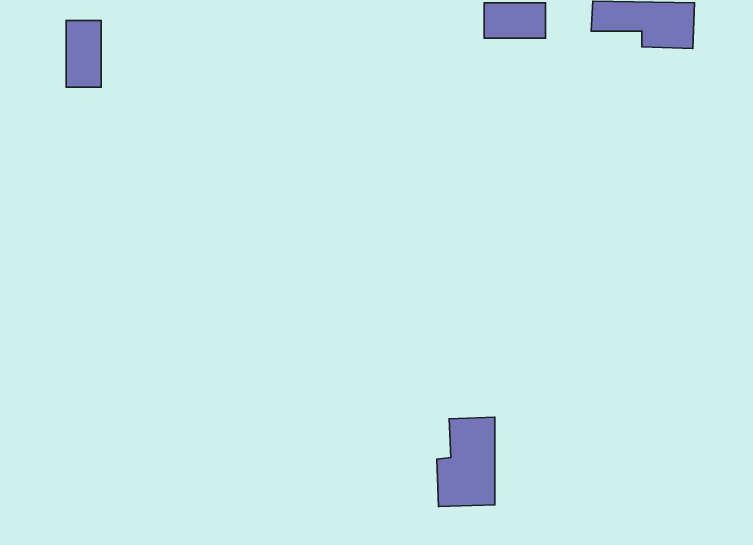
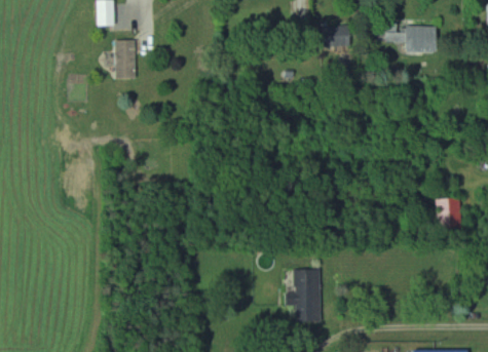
building: [66,20,101,87] -> [115,40,136,79]
building: none -> [438,198,461,221]

